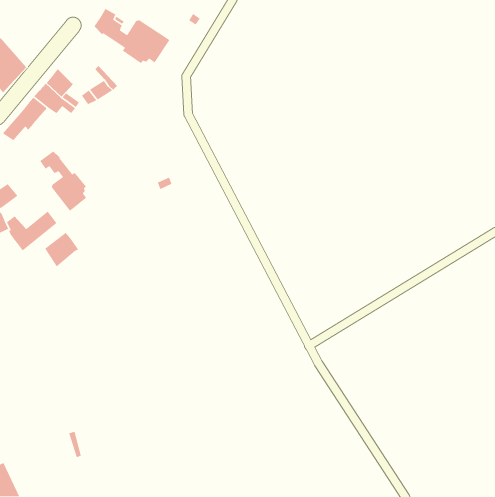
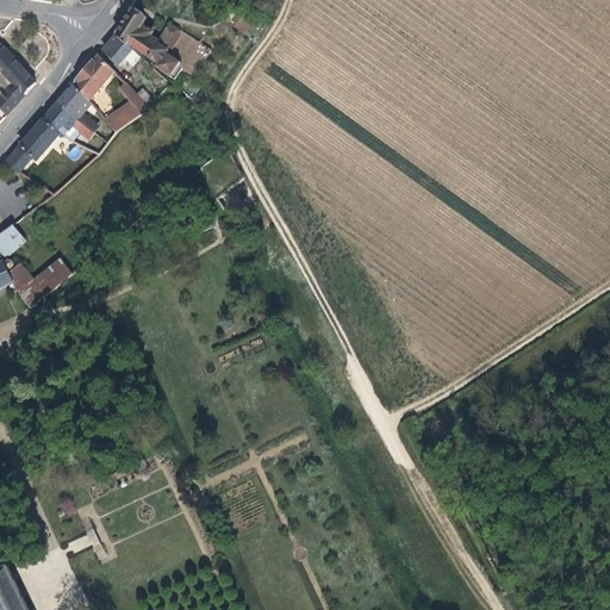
building: none -> [101,32,137,64]
building: none -> [70,54,112,100]
building: [39,150,87,212] -> none
building: [44,232,79,267] -> none

